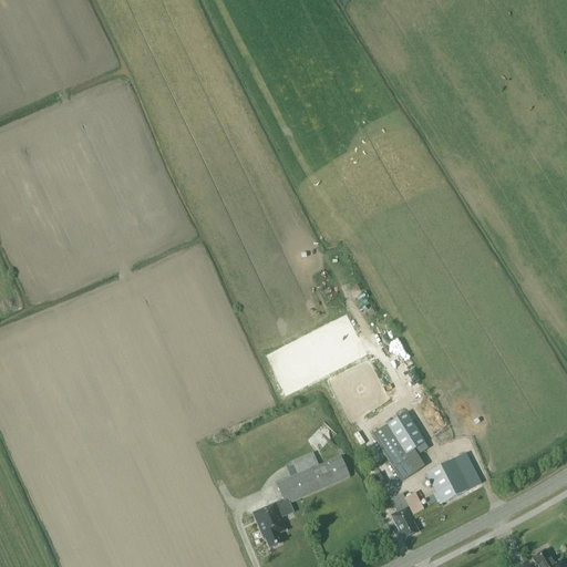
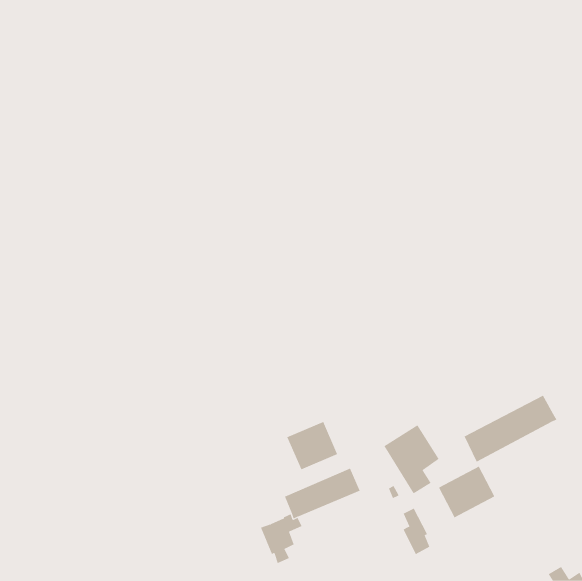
building: none -> [464,395,557,462]
building: none -> [287,421,338,470]

